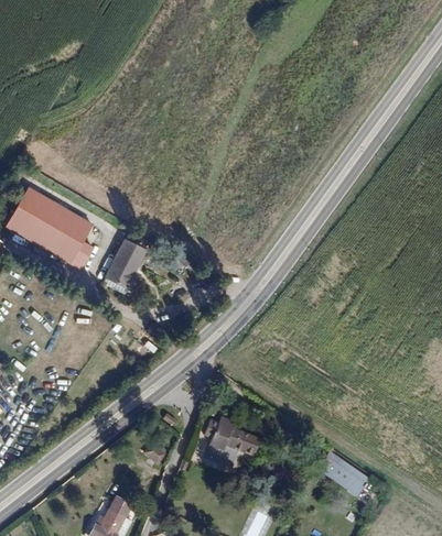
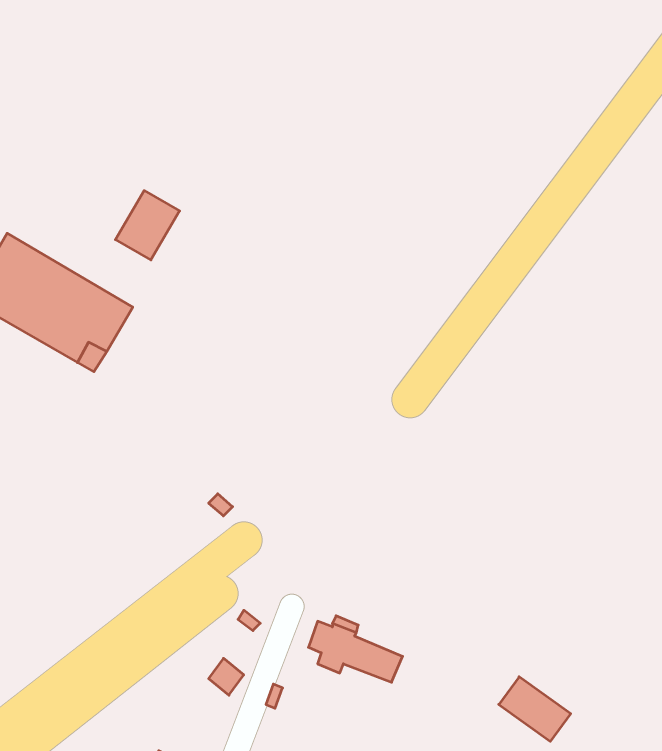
building: none -> [115,191,180,260]
building: [106,241,145,291] -> none

